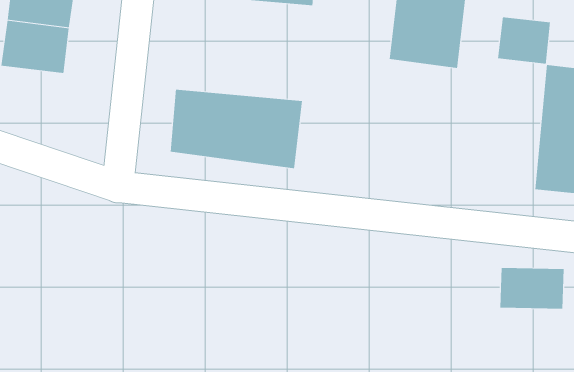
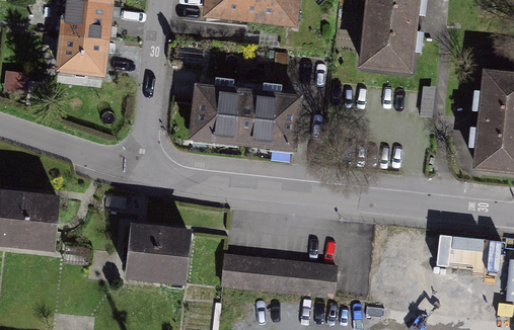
building: [497,16,551,65] -> none
building: none -> [121,227,182,282]
building: none -> [224,241,343,290]

